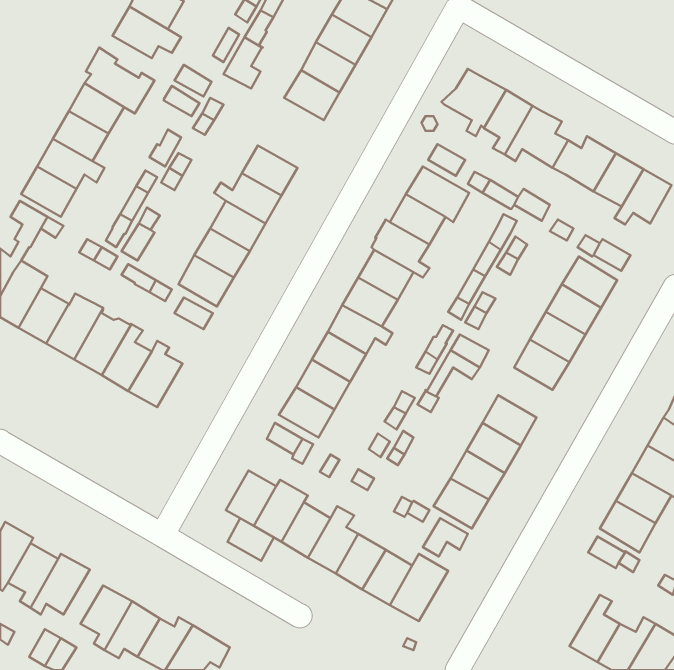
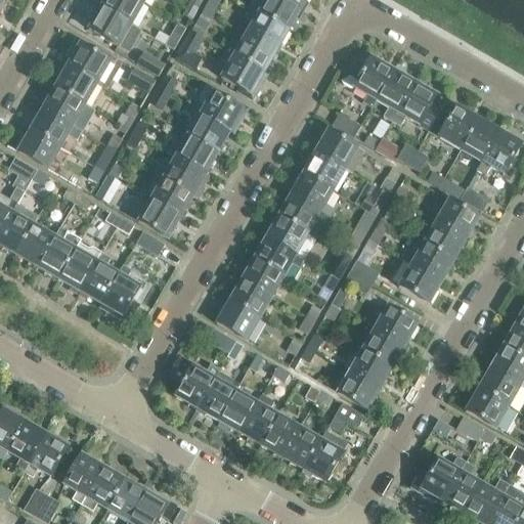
building: none -> [191,91,249,130]
building: [227,518,274,561] -> none
building: none -> [409,455,466,500]

